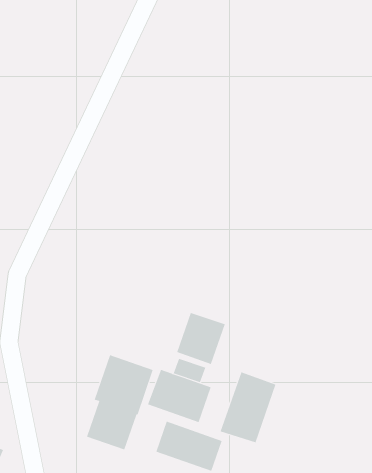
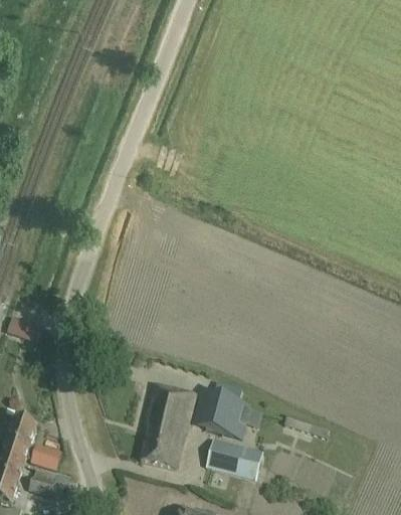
building: [176,312,226,365] -> none
building: [220,372,276,443] -> none

